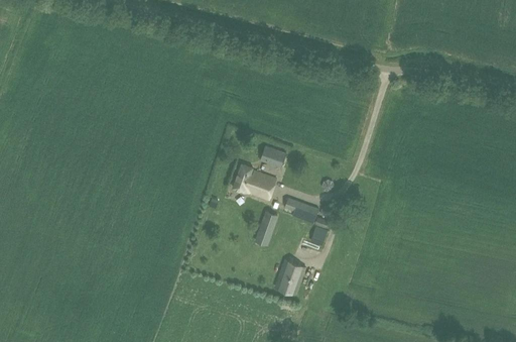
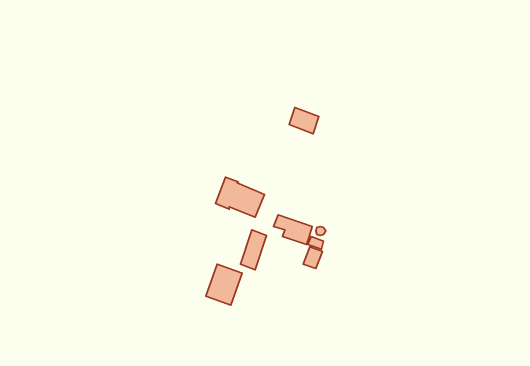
building: [259,144,285,167] -> [289,107,319,134]
building: [273,258,305,295] -> [206,264,242,305]

